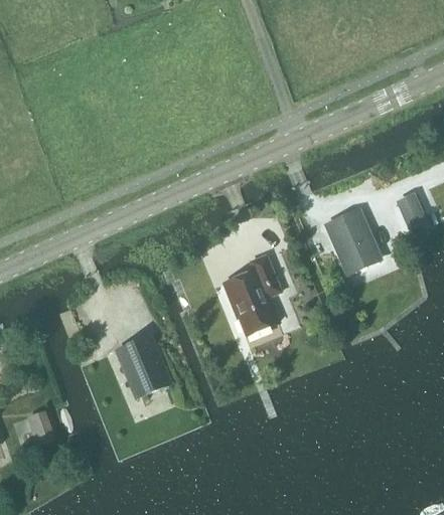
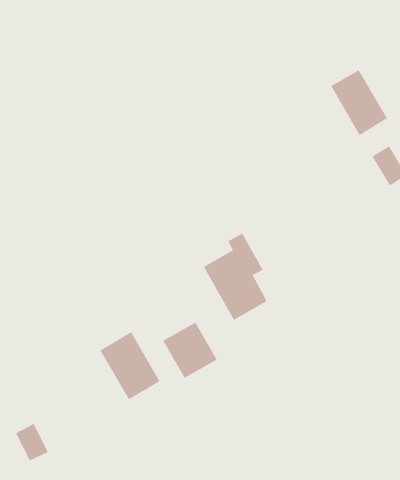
building: [329,213,380,276] -> [330,69,388,136]
building: none -> [162,322,217,379]

